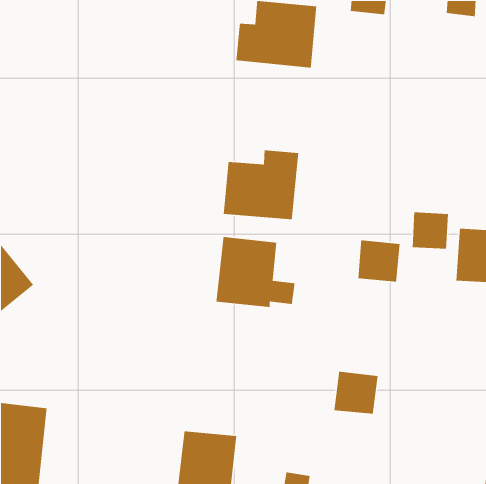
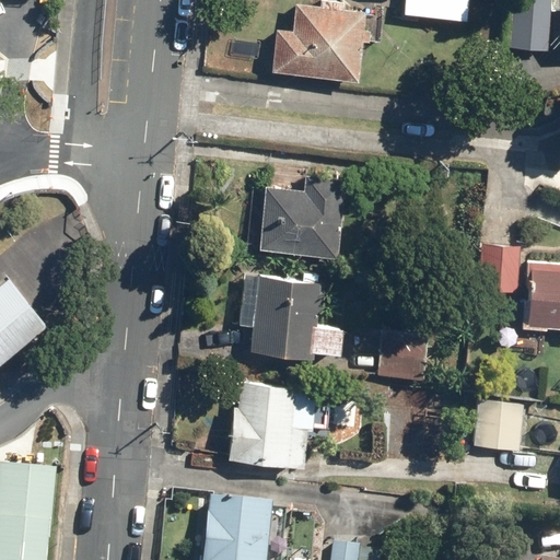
building: [358,240,401,283] -> [375,331,424,381]
building: none -> [230,381,311,464]
building: [334,371,378,415] -> [469,401,521,452]

